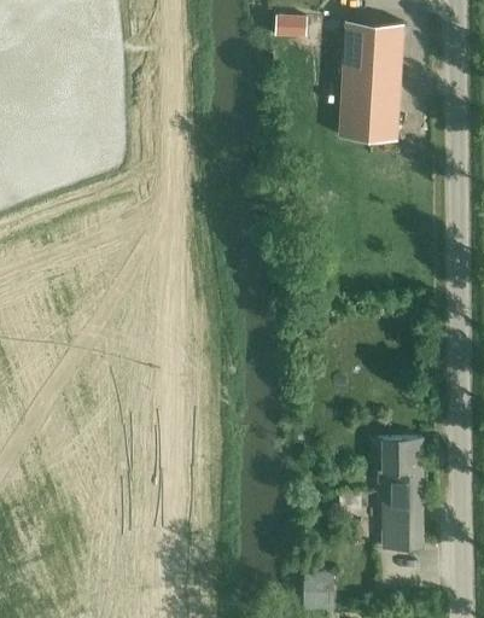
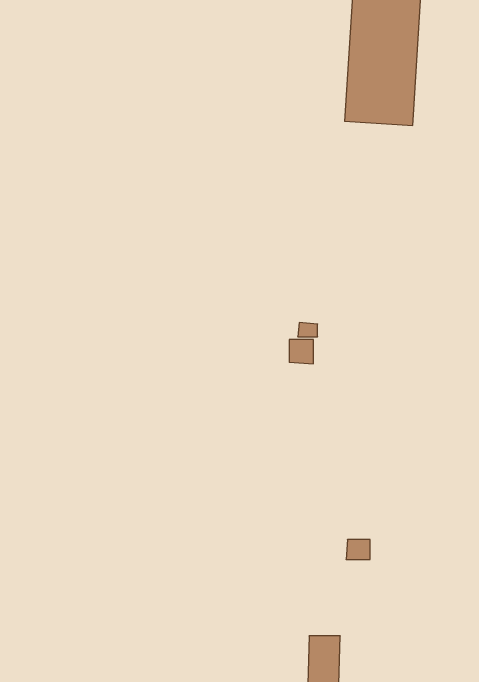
building: [378,439,436,549] -> none

